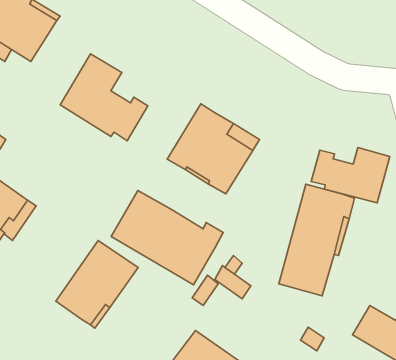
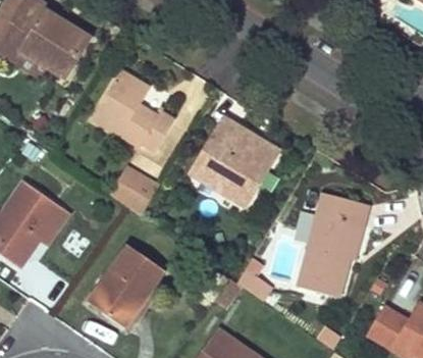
building: [311,148,390,203] -> none
building: none -> [110,166,158,214]
building: [111,191,223,285] -> none

